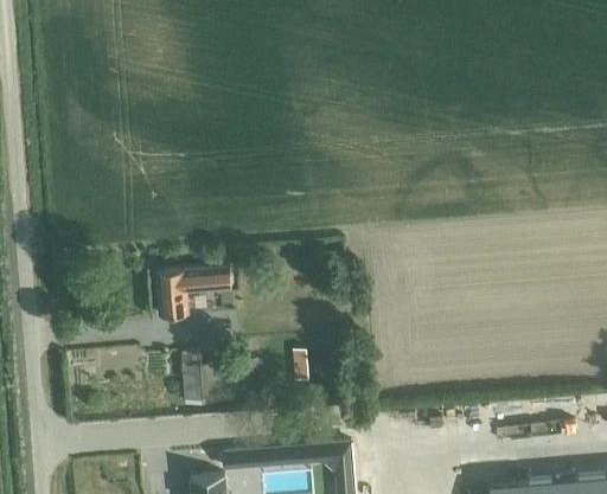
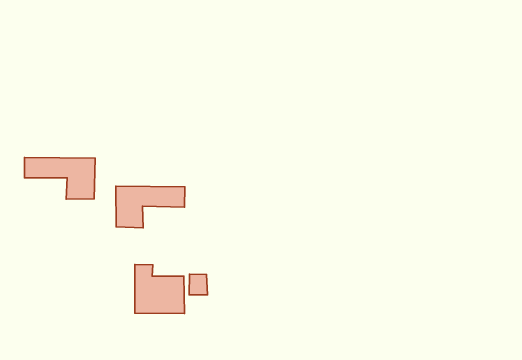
building: none -> [24,158,95,199]

